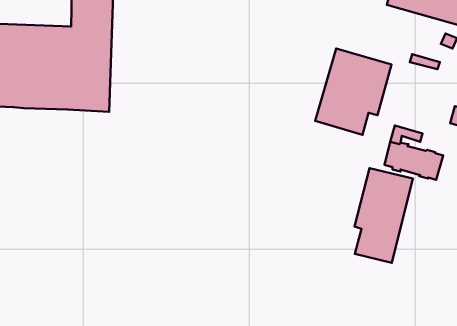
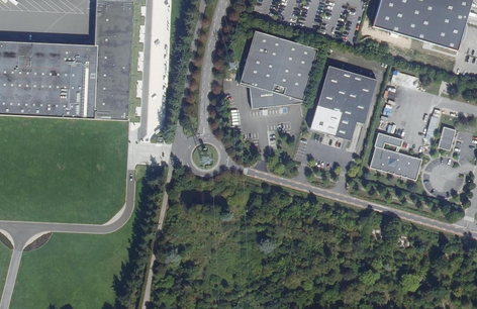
building: none -> [240,31,317,109]
building: [355,168,413,263] -> none

